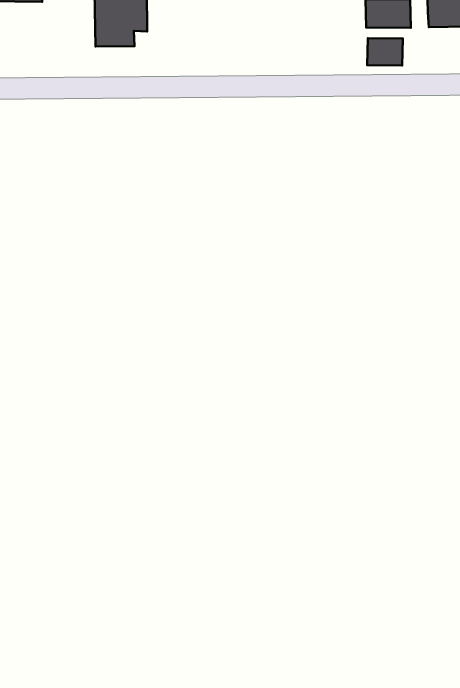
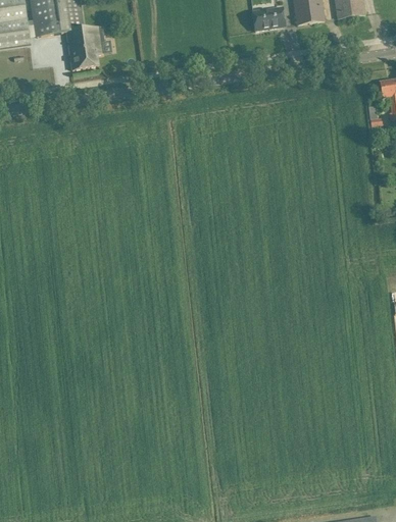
building: [367,38,403,65] -> none

